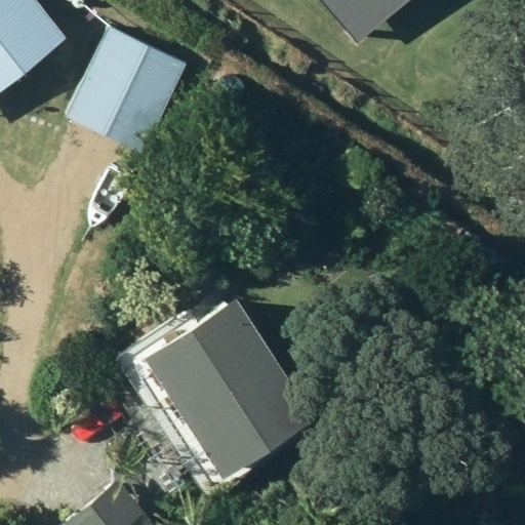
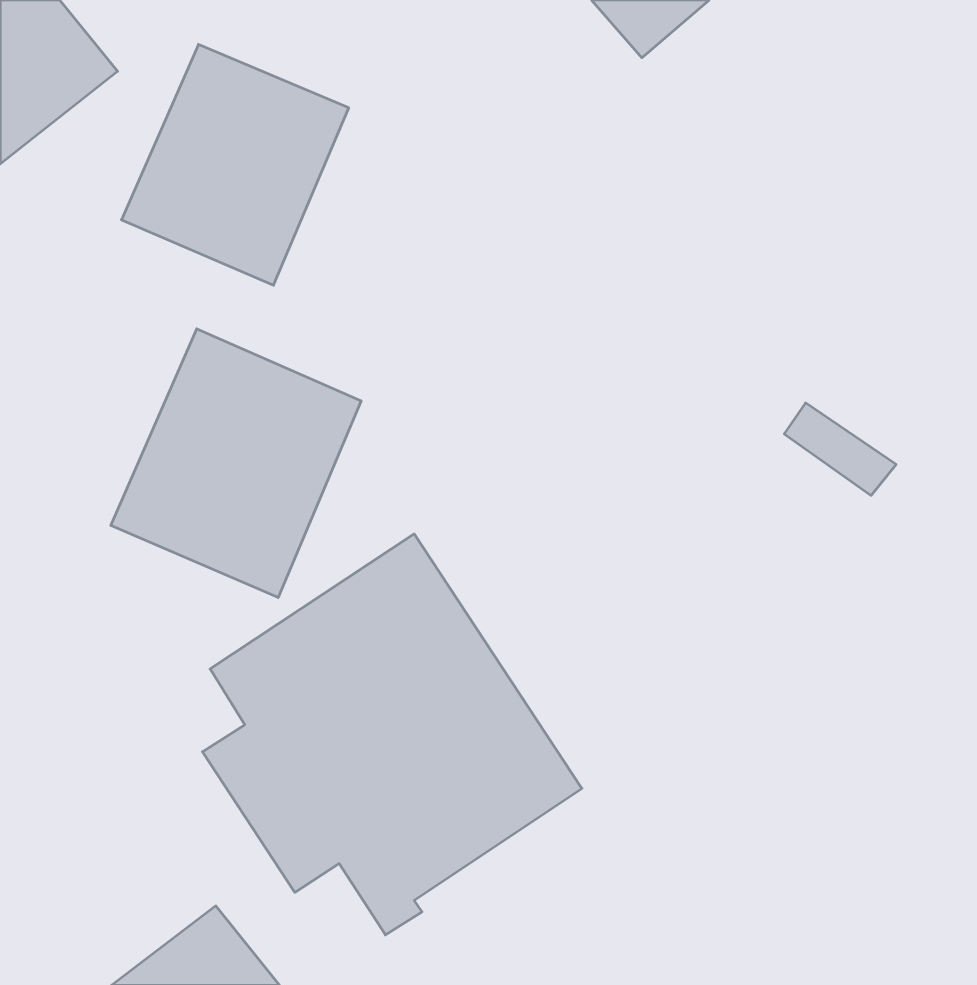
building: none -> [111,329,361,598]

